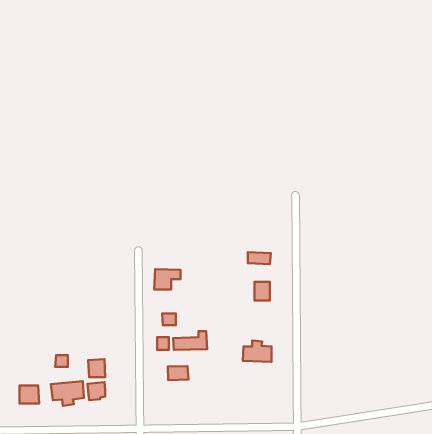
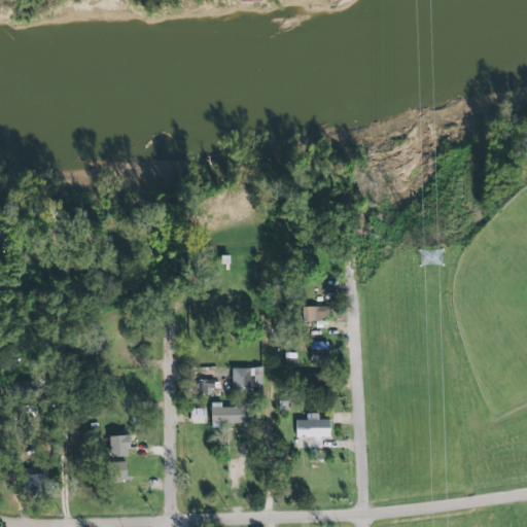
building: [154,269,181,289] -> [232,367,264,392]
building: [168,366,189,380] -> none
building: [51,381,84,406] -> none

